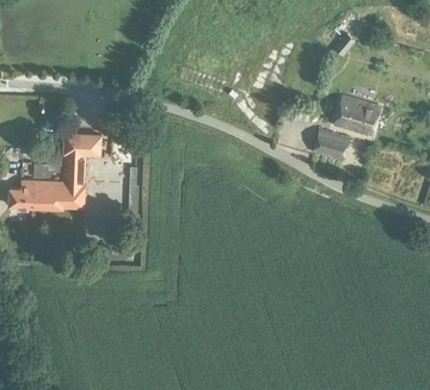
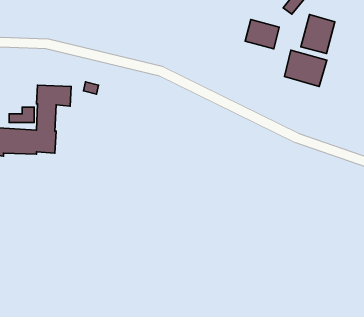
building: none -> [301,15,335,53]
building: [313,128,350,160] -> [245,19,279,49]

